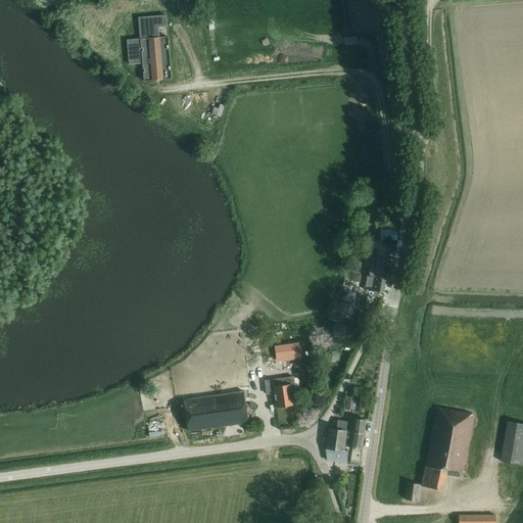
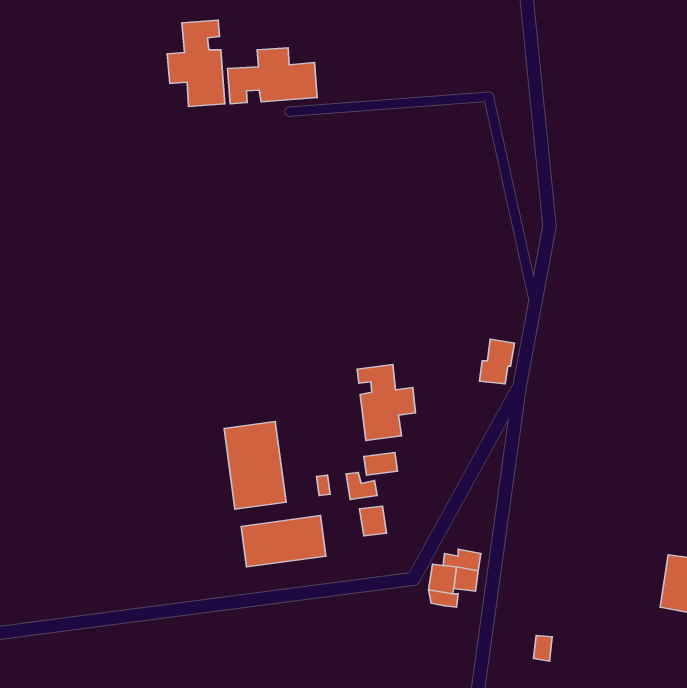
building: none -> [228,48,317,104]
building: none -> [357,365,416,440]
building: none -> [224,422,286,509]
building: [422,408,474,489] -> none

